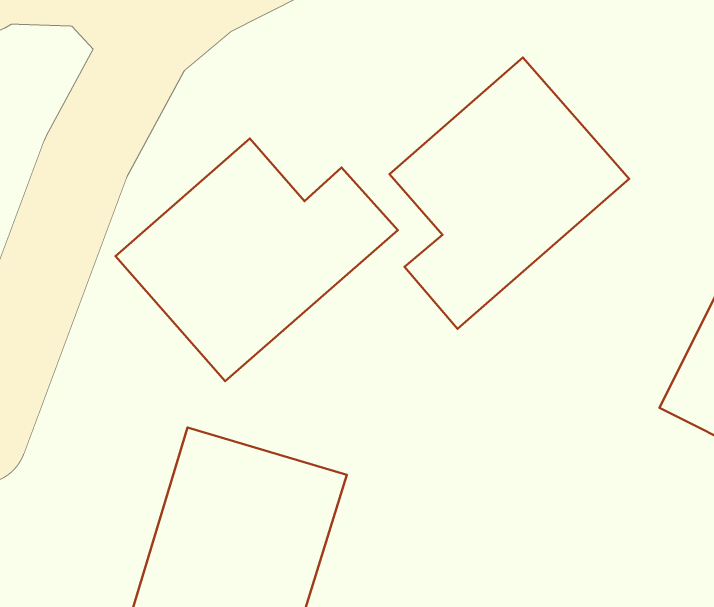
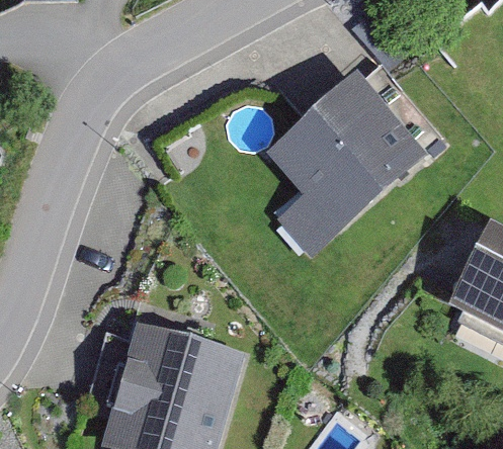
building: [116,138,398,381] -> none

